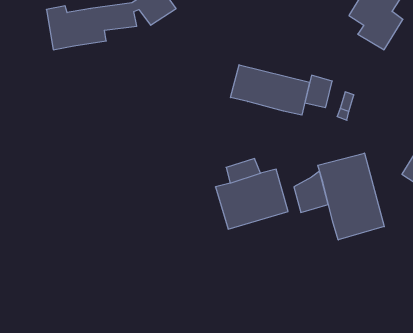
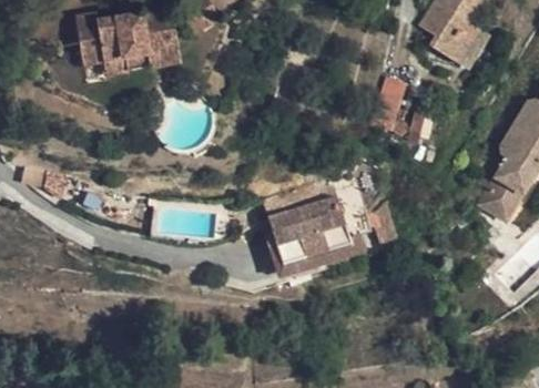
building: none -> [109,34,183,70]
building: [231,65,309,115] -> none
building: [318,153,384,240] -> none

